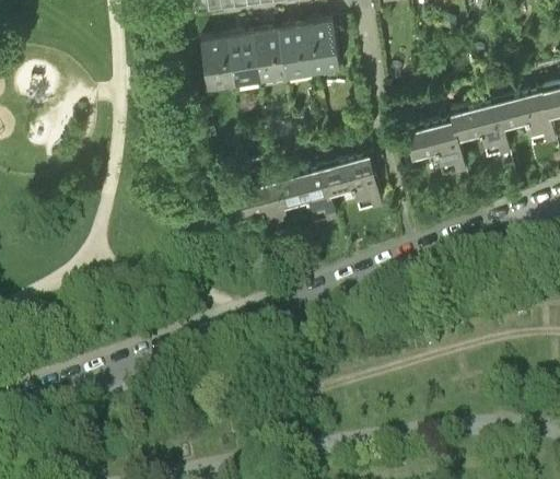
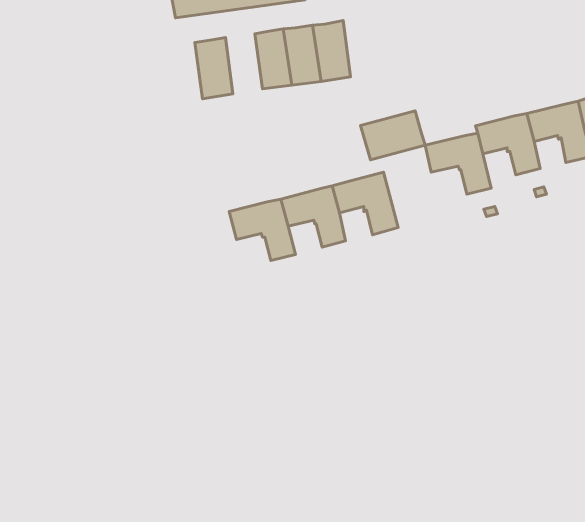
building: [229,33,261,86] -> none
building: none -> [360,111,425,160]

